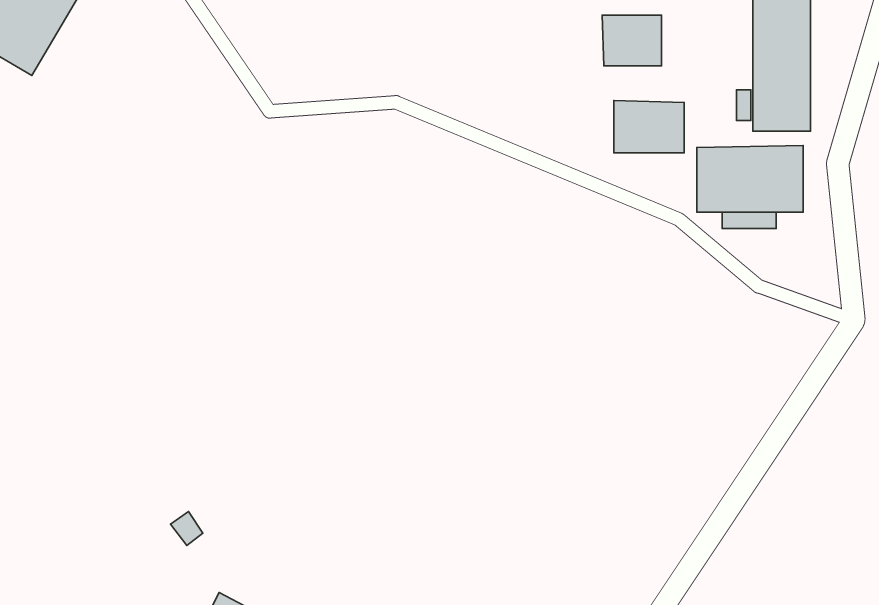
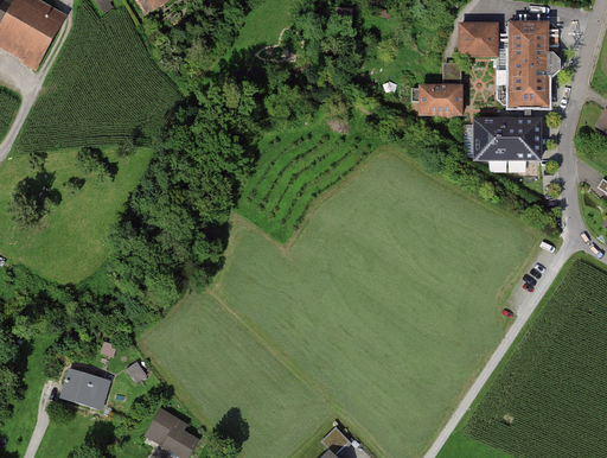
building: [602,15,662,66] -> [458,24,497,57]
building: none -> [57,365,110,409]

